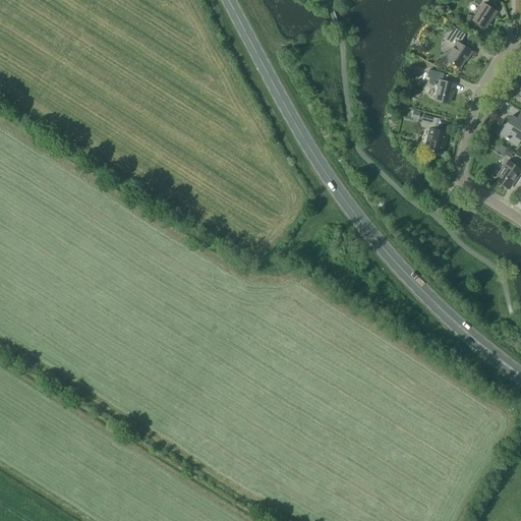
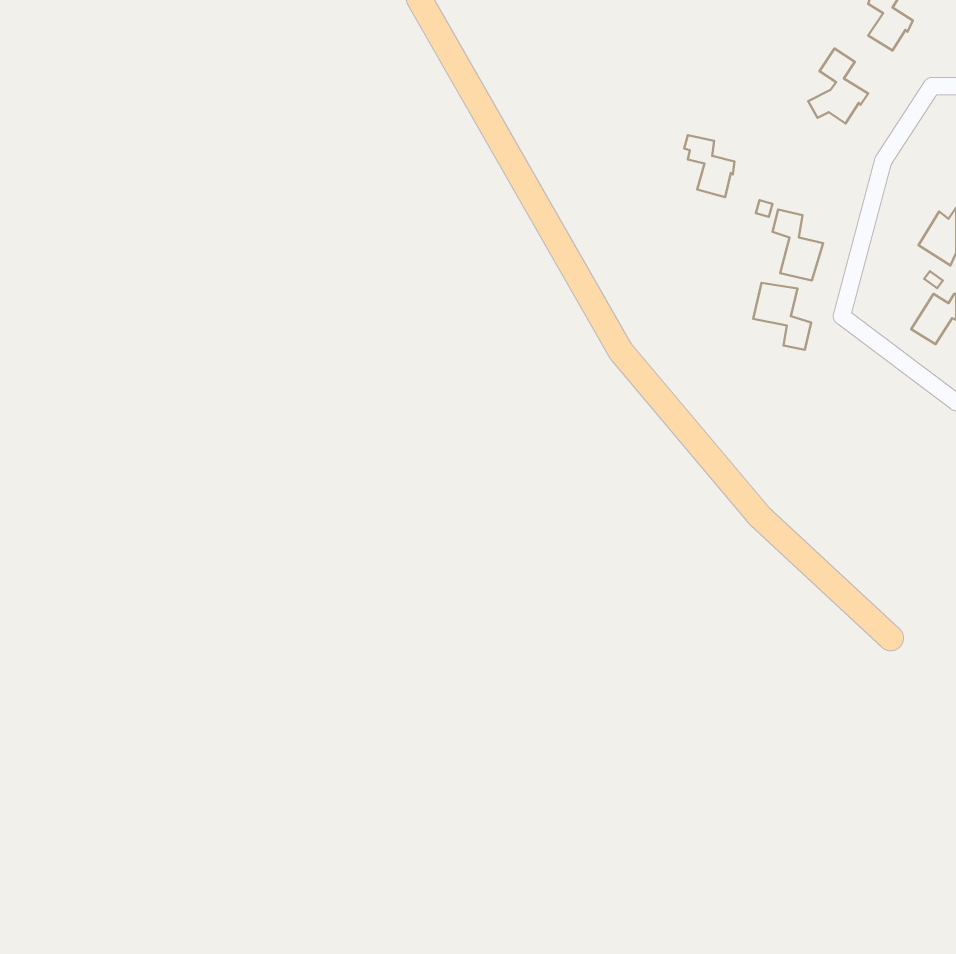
building: [427,69,455,103] -> [684,135,735,197]
building: none -> [753,283,811,350]

